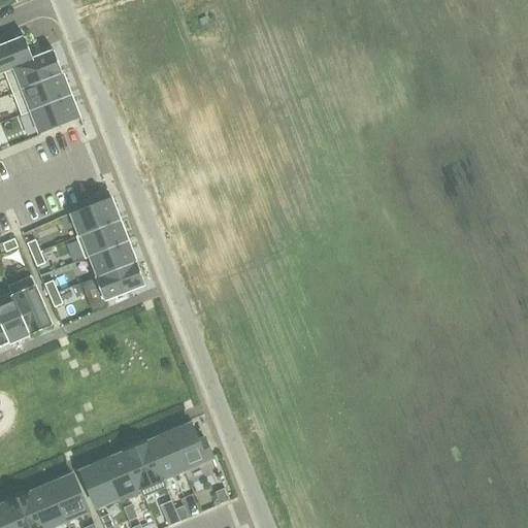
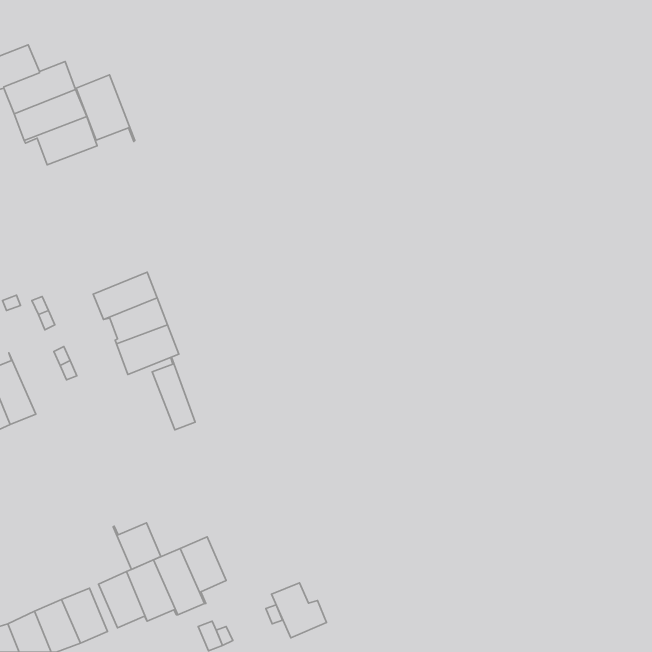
building: none -> [76,75,135,141]
building: [69,197,119,237] -> none
building: [7,275,52,334] -> none
building: none -> [152,357,195,430]
building: none -> [113,523,161,569]
building: [167,424,211,468] -> [272,583,327,638]

